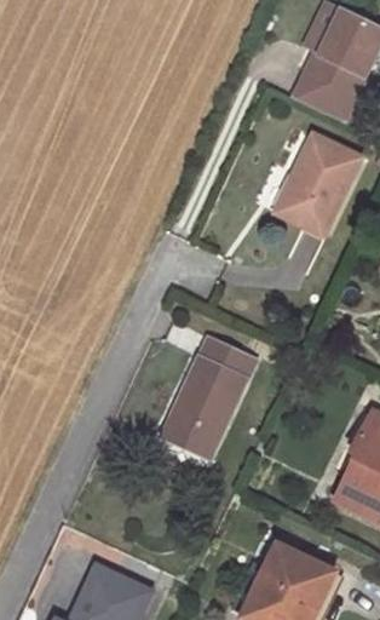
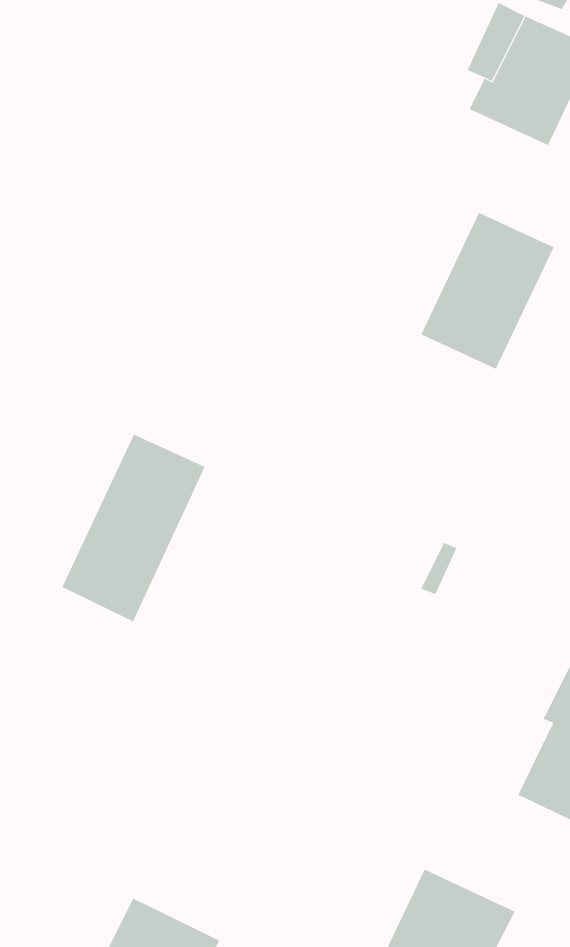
building: [293,71,355,121] -> none
building: [162,339,252,457] -> [62,434,205,622]

